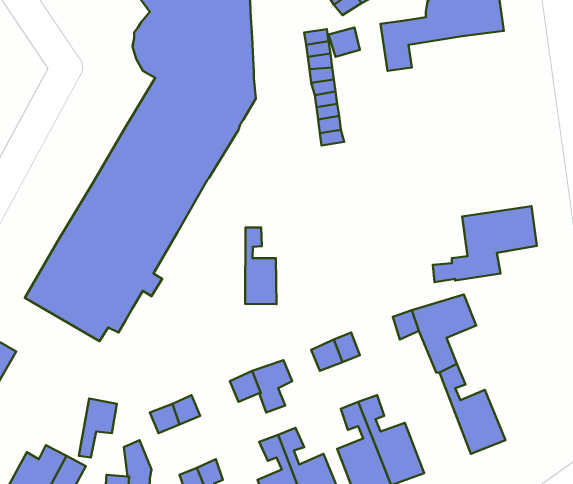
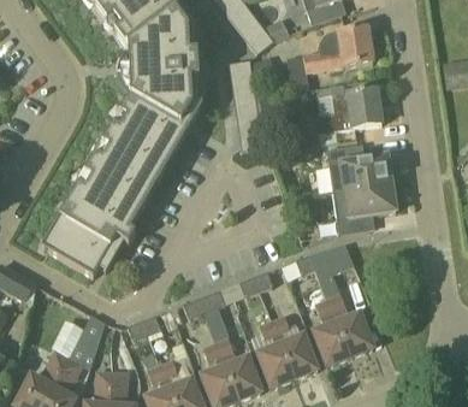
building: none -> [316,87,385,131]
building: none -> [327,143,393,189]
building: [245,227,276,304] -> none
building: none -> [315,297,351,364]

